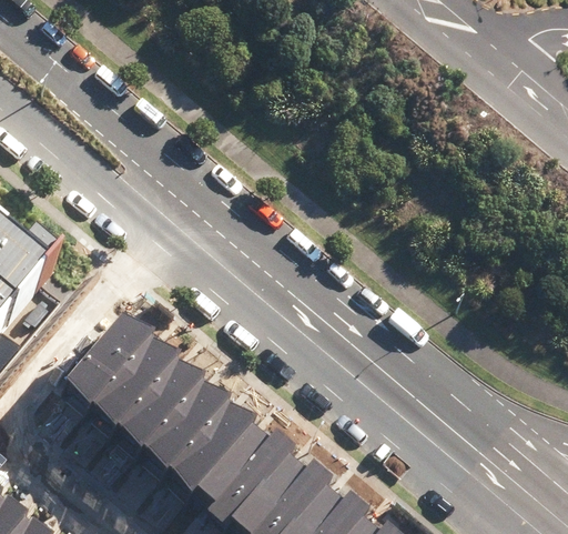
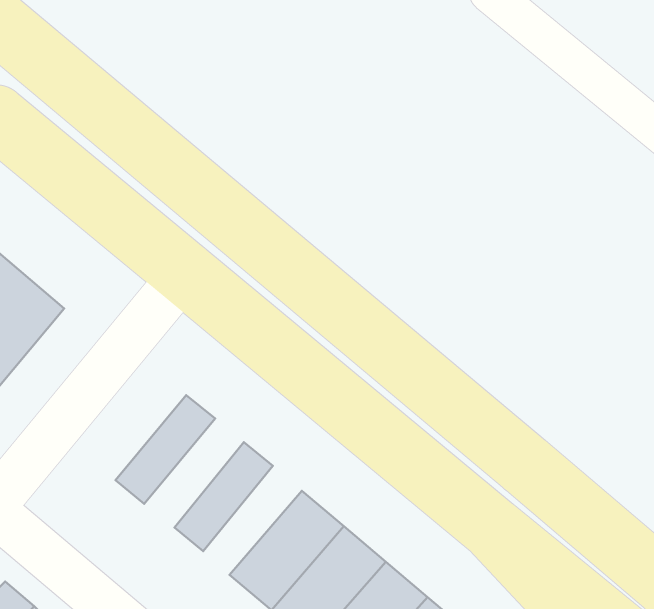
building: [74,319,159,411] -> none
building: [123,359,207,451] -> none
building: [173,399,256,491] -> none

